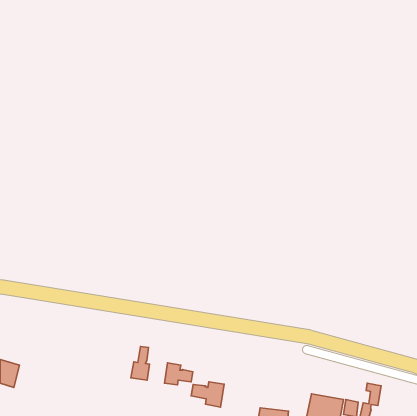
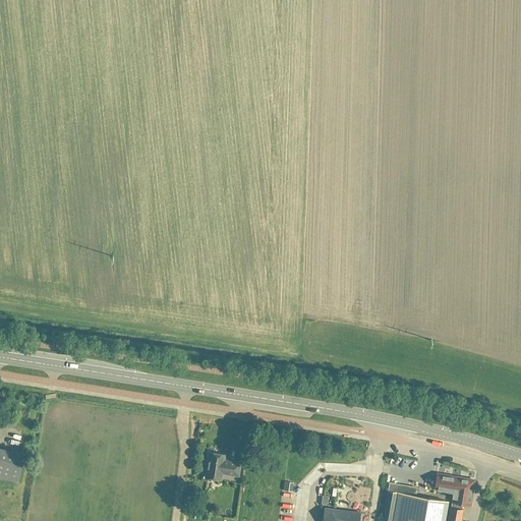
building: [131,346,150,380] -> none
building: none -> [436,475,462,505]
building: [191,382,224,407] -> none

